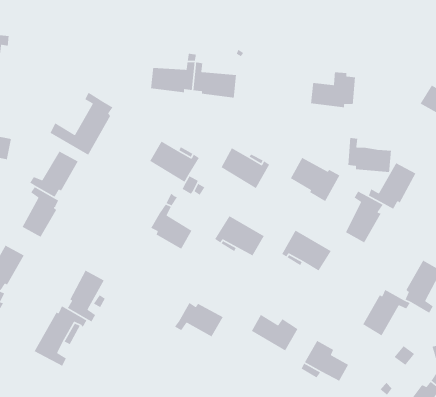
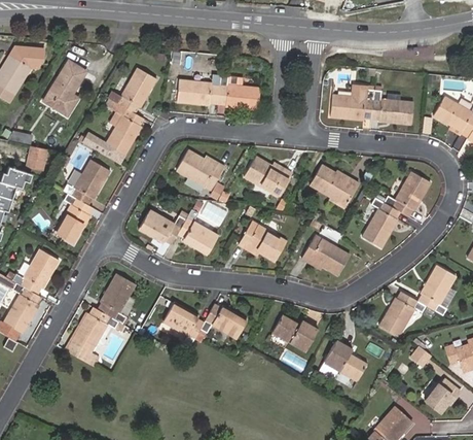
building: none -> [44,60,86,114]
building: none -> [109,68,156,113]
building: [347,137,392,173] -> [371,90,413,124]
building: none -> [139,209,186,244]
building: none -> [165,302,205,346]

